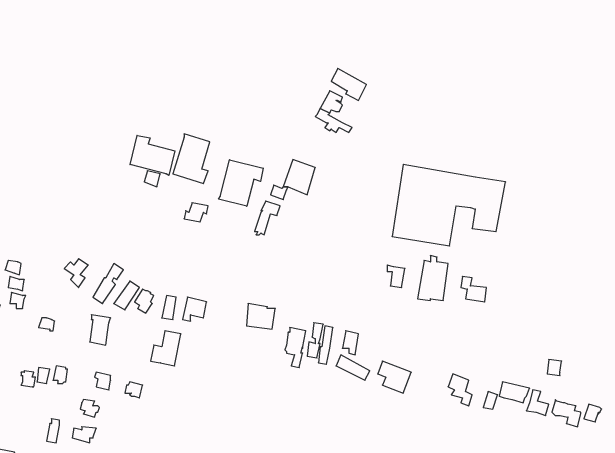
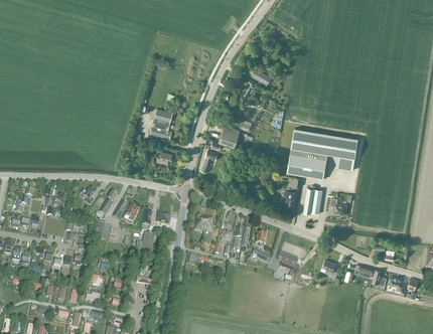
building: [130,135,175,175] -> none
building: [219,160,263,206] -> none

